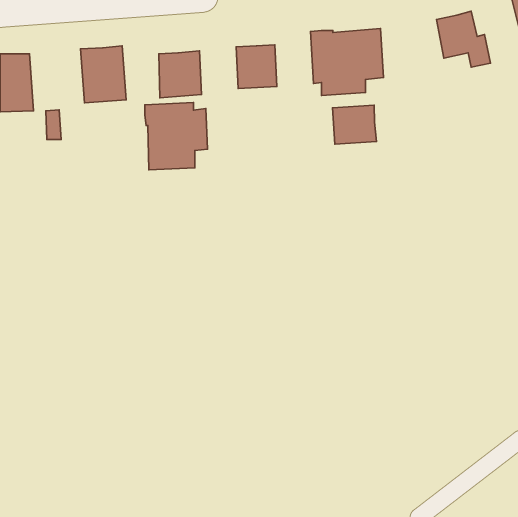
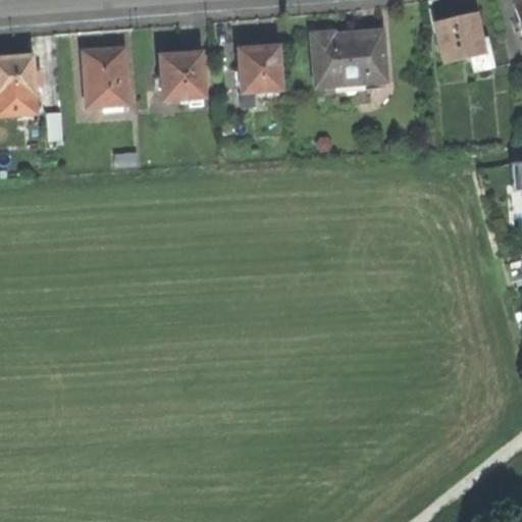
building: [145,102,207,170] -> none
building: [333,105,376,144] -> none

